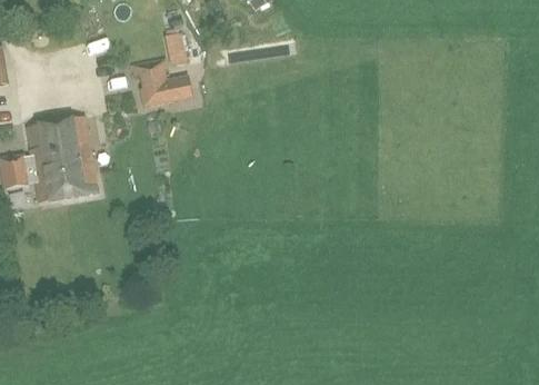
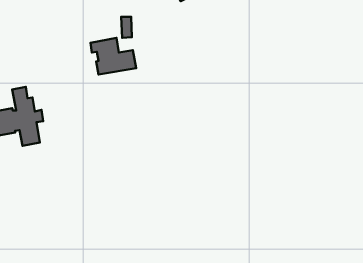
building: [43,117,98,199] -> none

